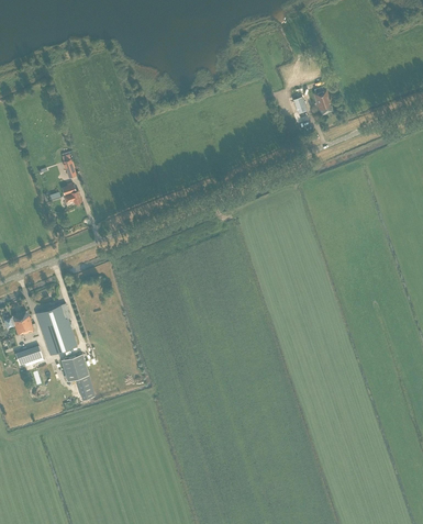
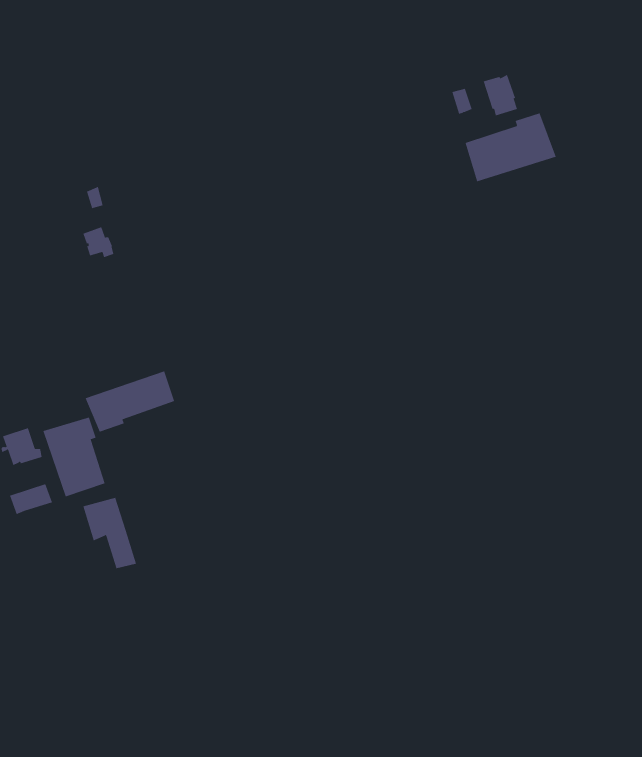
building: none -> [465,112,556,182]
building: none -> [85,370,175,433]

